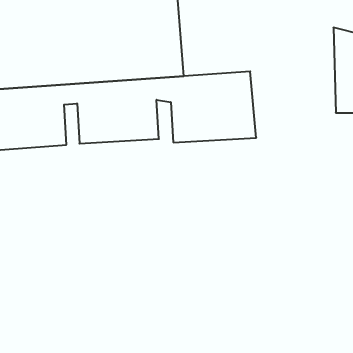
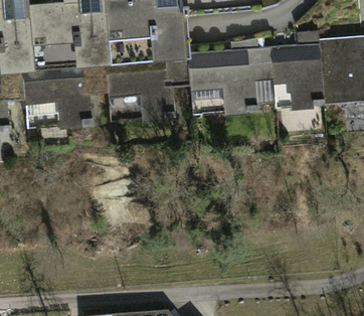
building: none -> [264,42,316,108]

